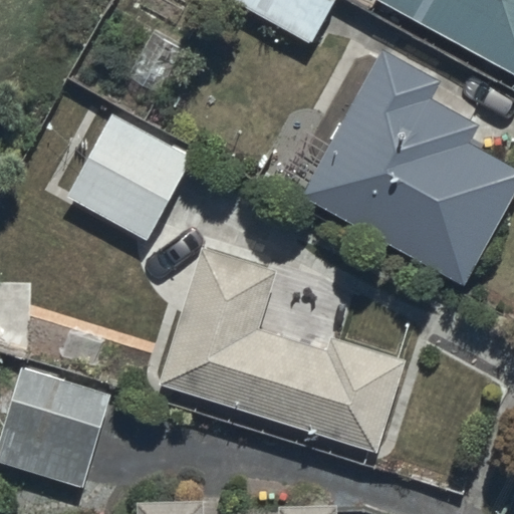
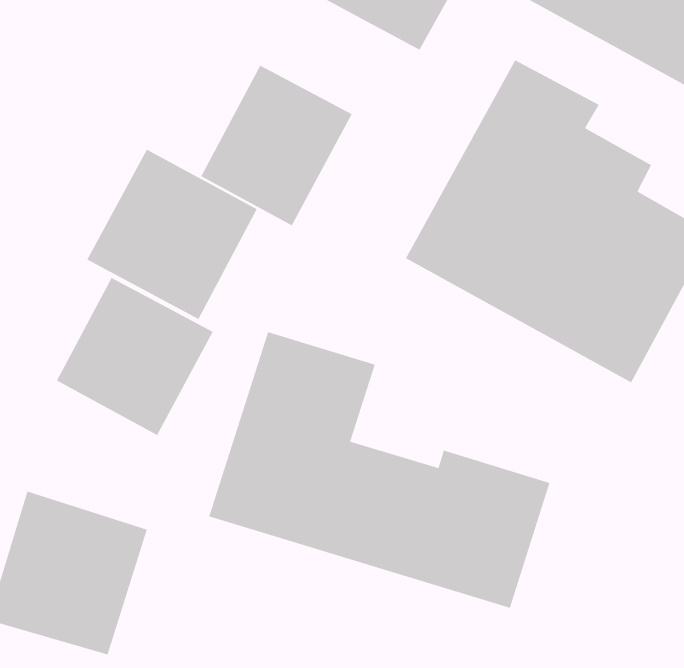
building: none -> [200,65,353,227]
building: none -> [56,277,214,436]

